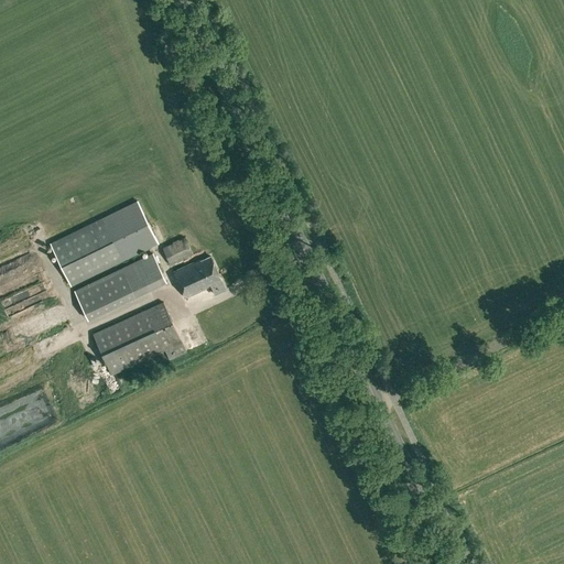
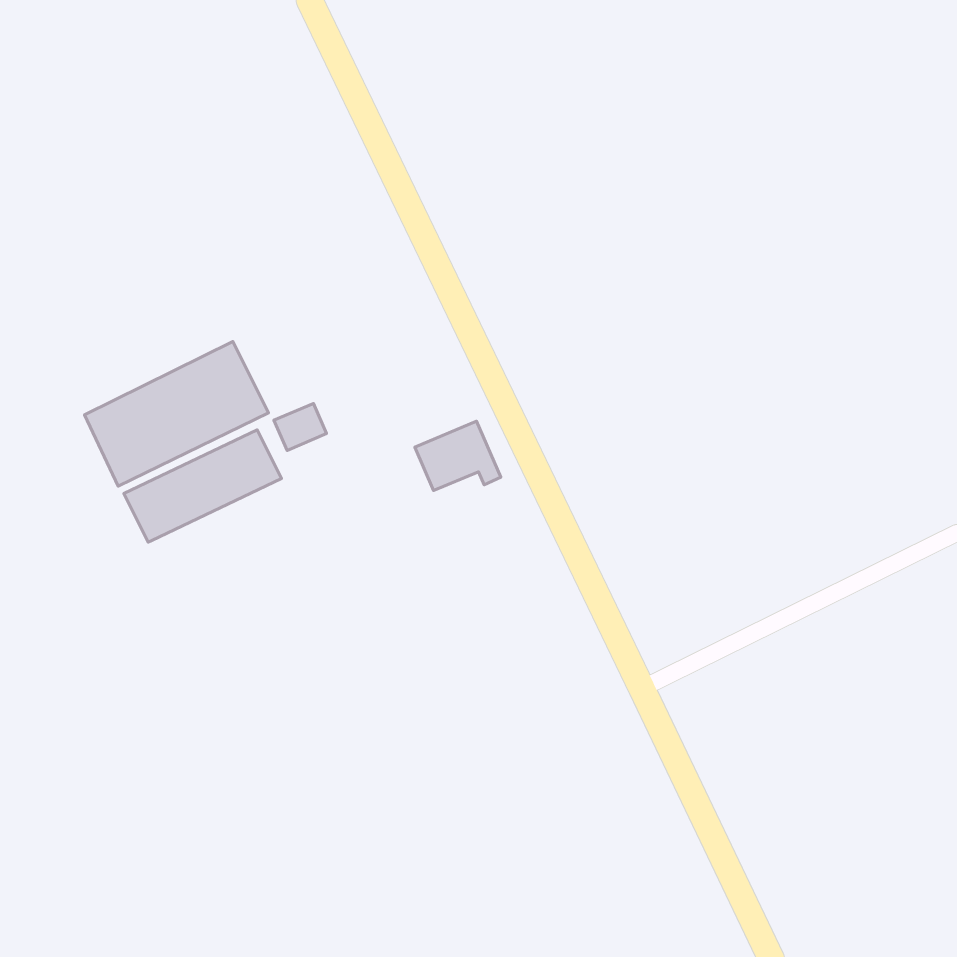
building: [173,257,224,297] -> [415,421,501,490]
building: [91,303,185,376] -> none

